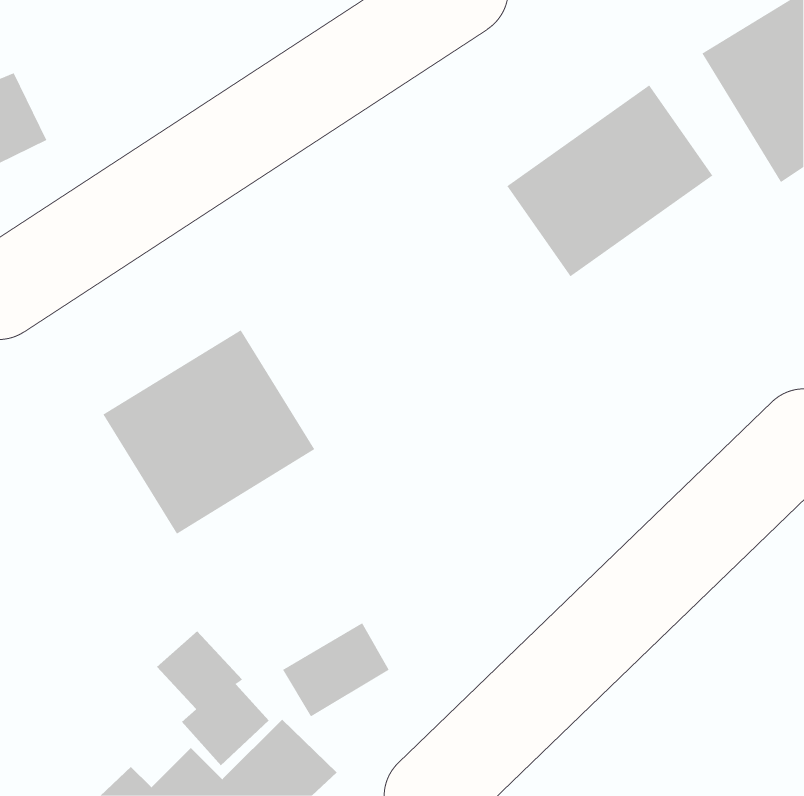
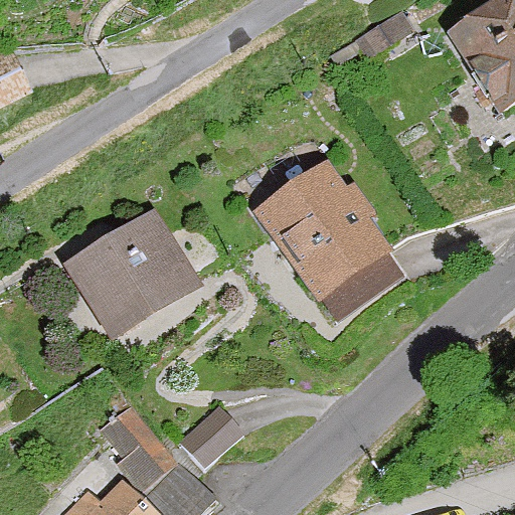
building: [507,85,713,277] -> none
building: none -> [252,159,398,320]

